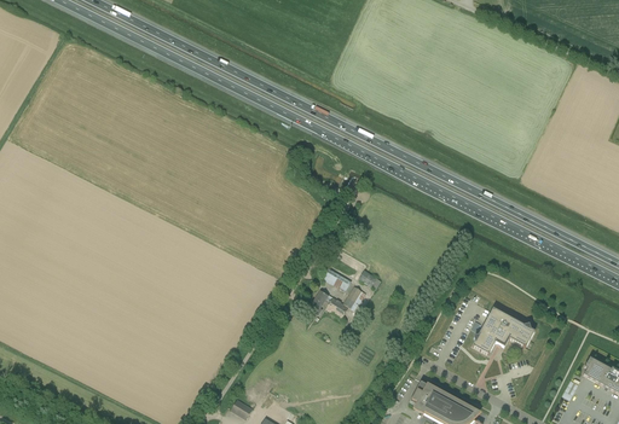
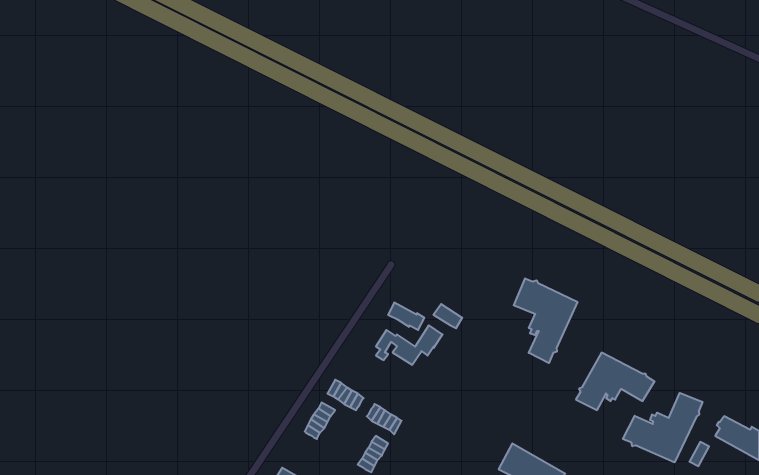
building: none -> [514,278,577,363]
building: none -> [623,393,702,462]

